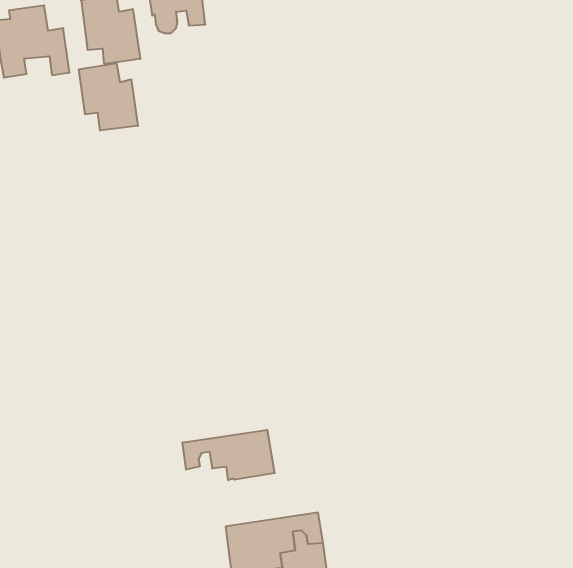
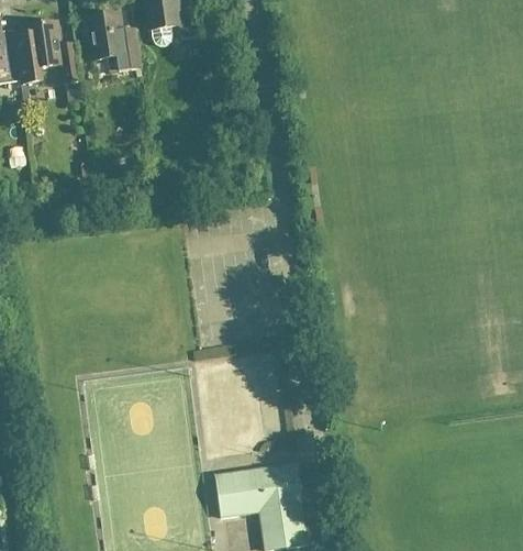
building: [79,63,138,131] -> none
building: [182,430,275,480] -> none

